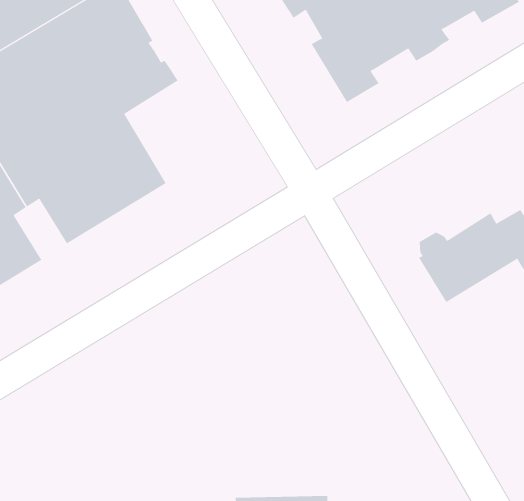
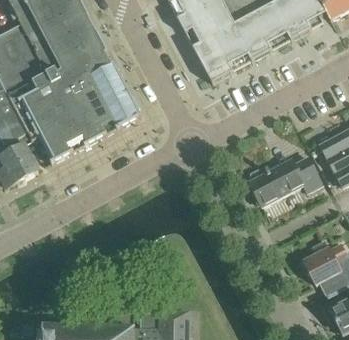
building: none -> [89,74,141,131]

